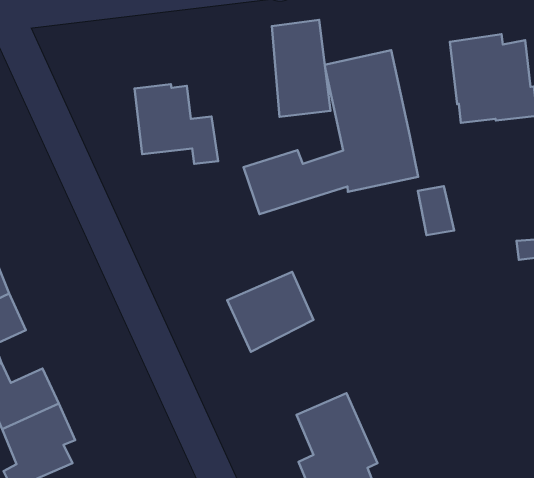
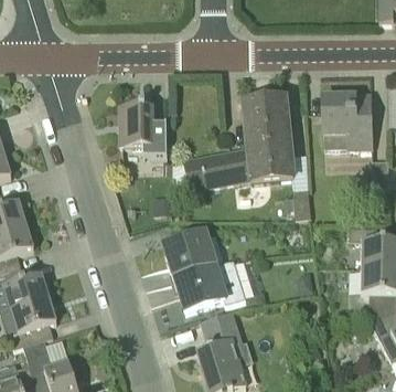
building: [272,20,330,117] -> none
building: none -> [173,255,245,308]

